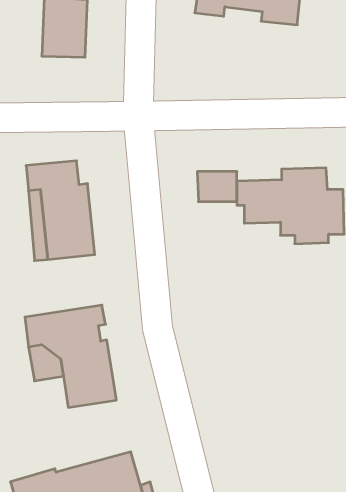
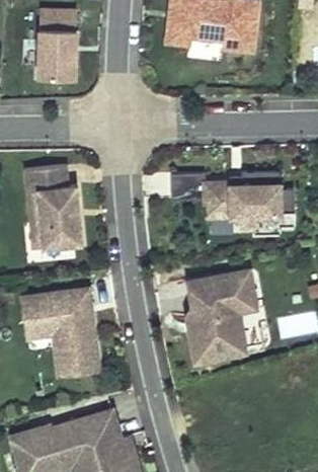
building: none -> [188,269,259,362]

